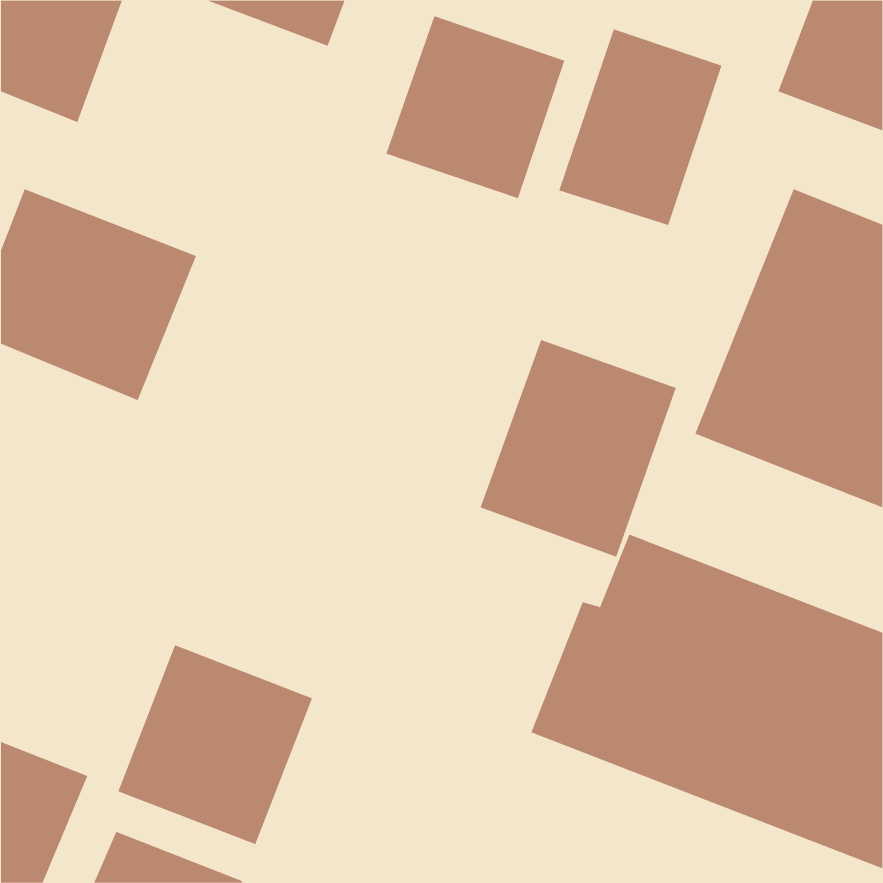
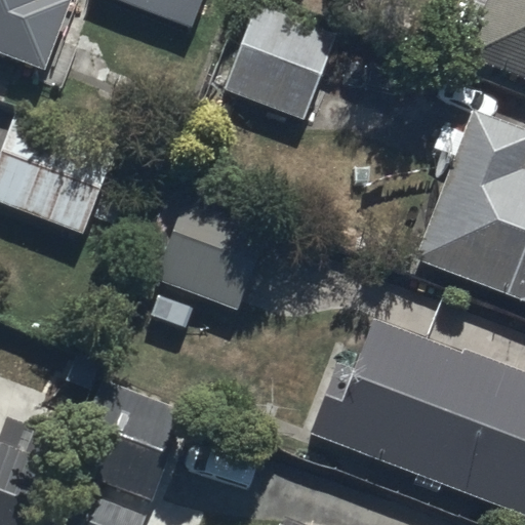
building: [559,29,722,226] -> none
building: none -> [148,186,273,312]
building: [480,339,676,558] -> none

